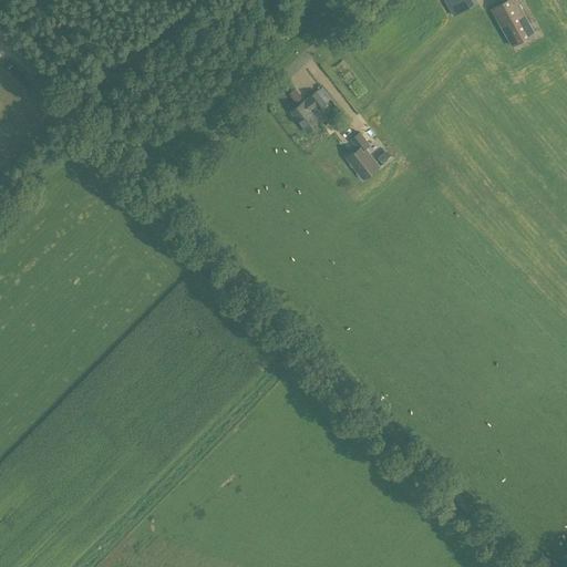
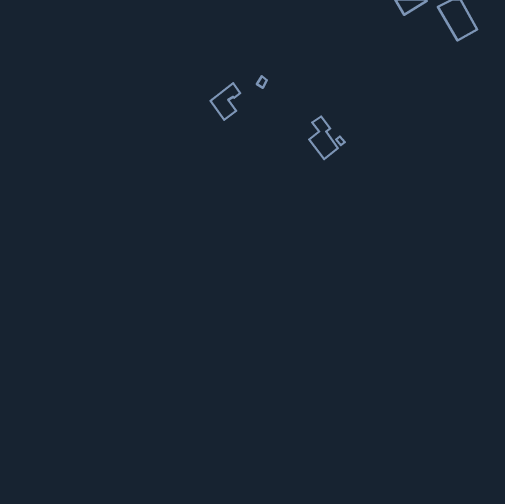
building: [291,91,324,132] -> [210,83,240,120]

